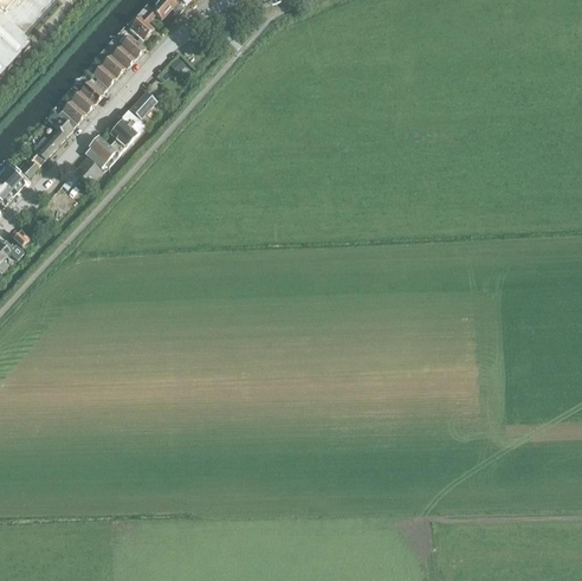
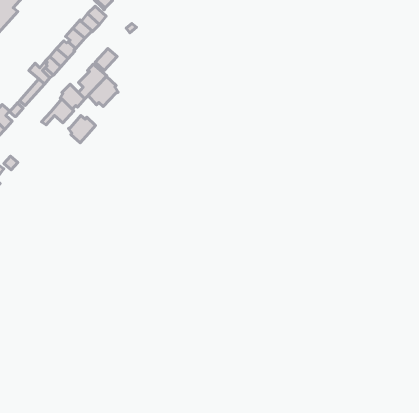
building: none -> [88,76,118,107]
building: none -> [68,115,96,143]

